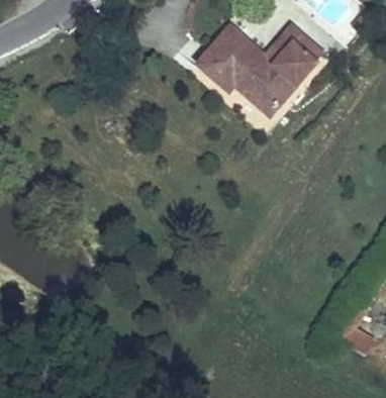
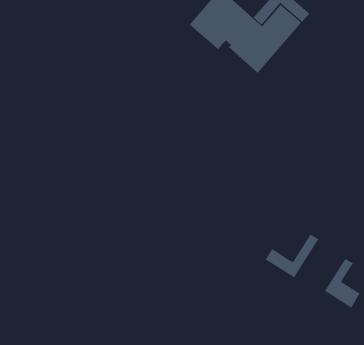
building: none -> [265,234,319,278]

